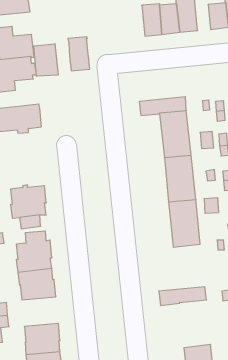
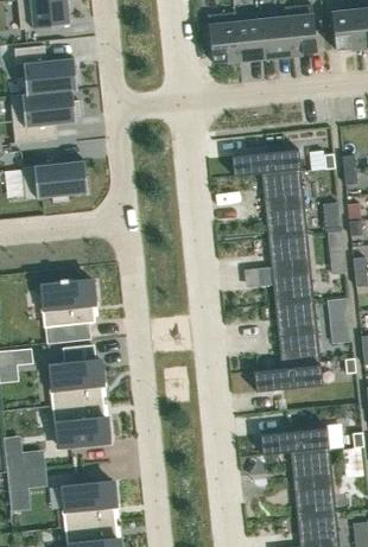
building: [68,37,90,71] -> [209,13,241,63]
building: [34,44,58,76] -> none
building: none -> [255,365,324,393]
building: none -> [292,447,337,517]

